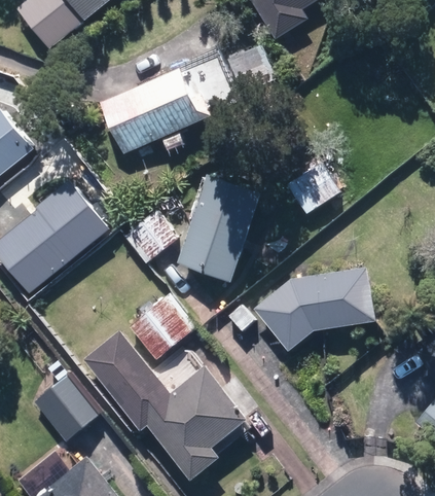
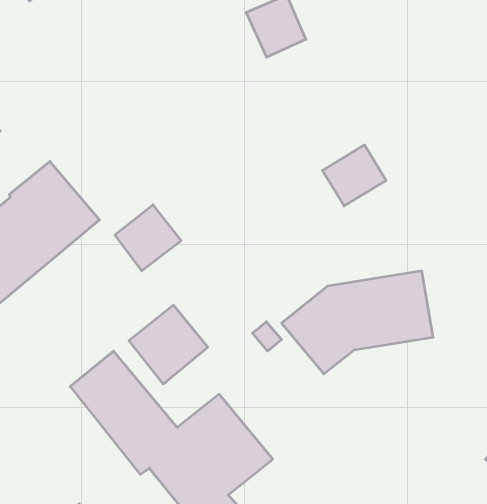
building: [100,61,231,154] -> none
building: [171,178,255,286] -> none
building: [36,373,101,438] -> none

